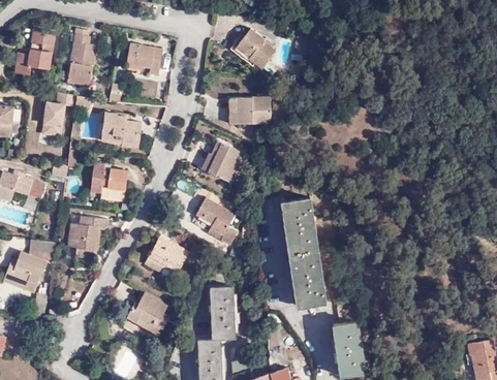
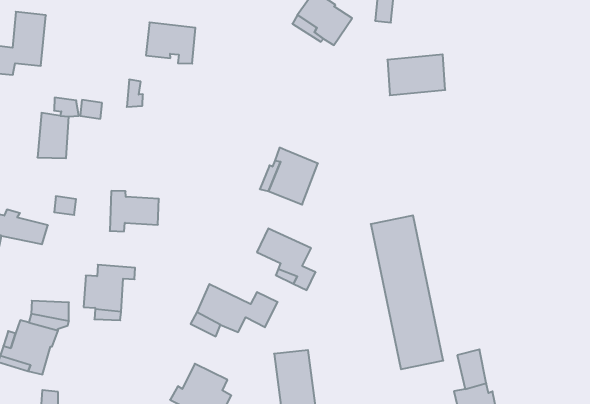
building: [67,28,97,86] -> none
building: [230,97,271,124] -> [387,54,445,95]
building: [101,113,143,144] -> none

